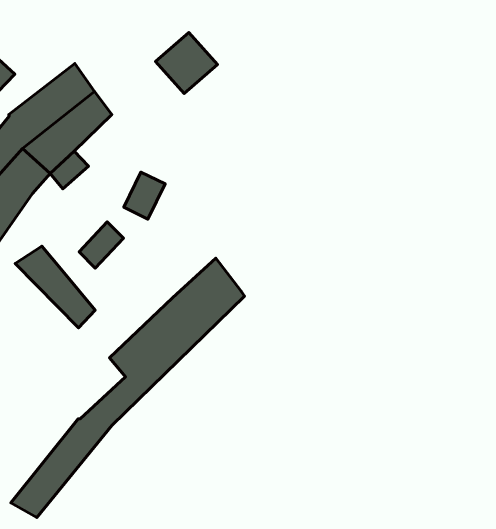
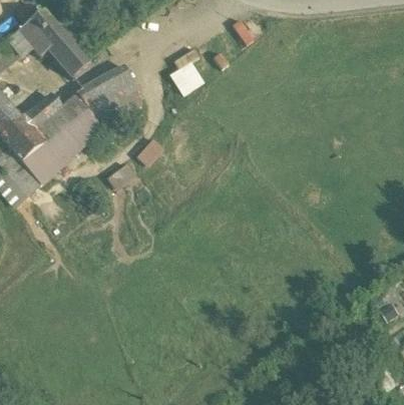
building: [15,246,95,328] -> none
building: [11,258,244,517] -> none

